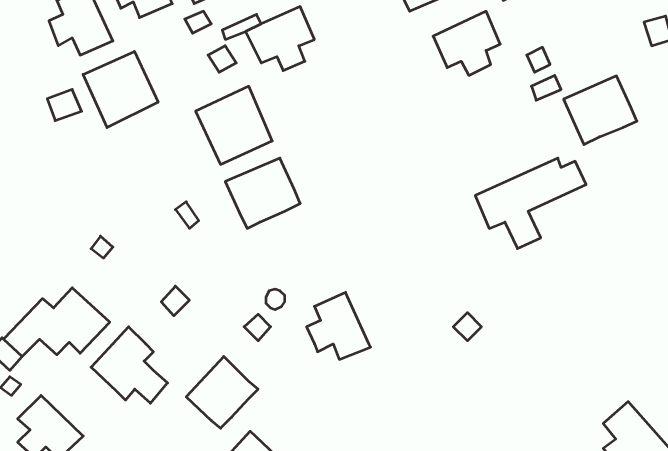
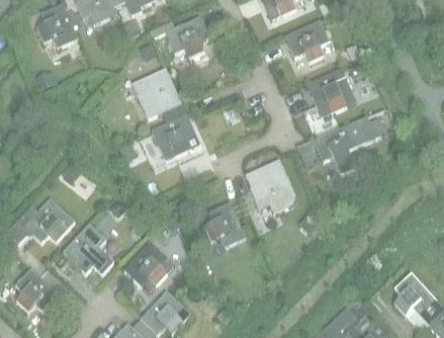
building: [83,51,158,128] -> none
building: [564,76,637,145] -> [306,70,354,114]
building: none -> [244,158,293,214]

